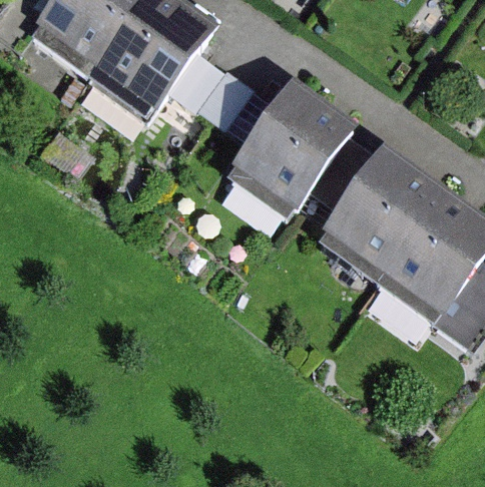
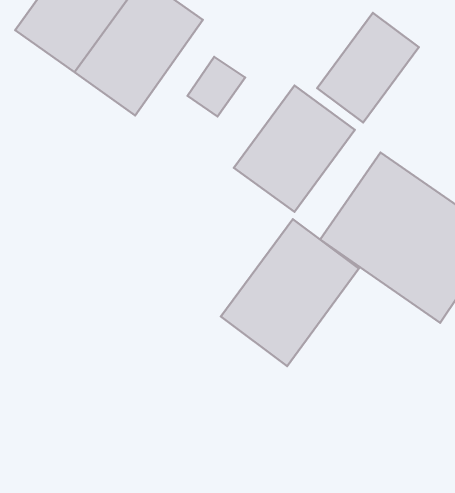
building: none -> [317,13,419,122]
building: none -> [221,219,359,366]

